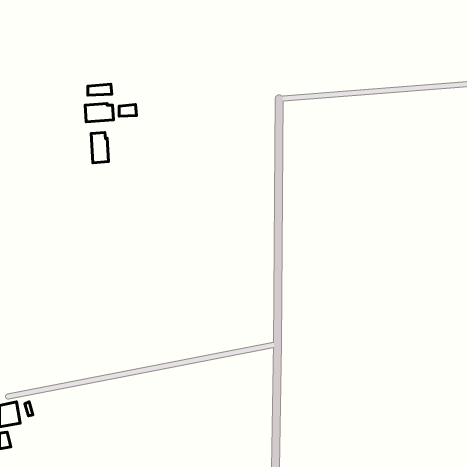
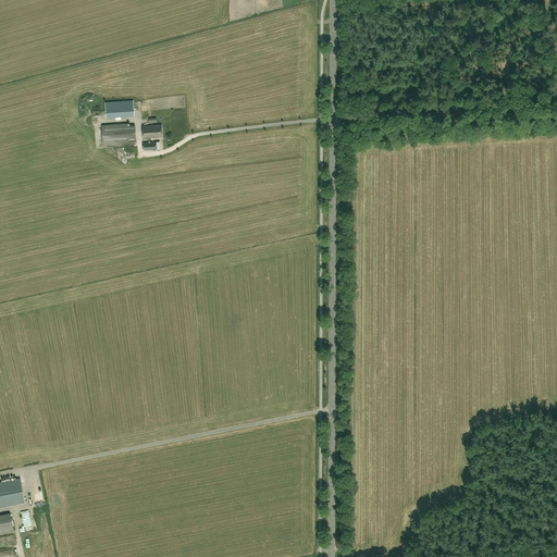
building: [91,133,108,163] -> none

